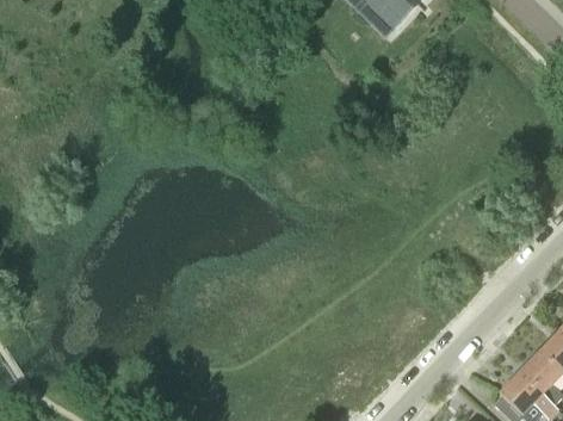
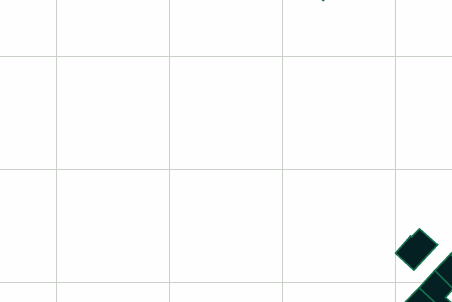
building: none -> [396,229,438,270]

